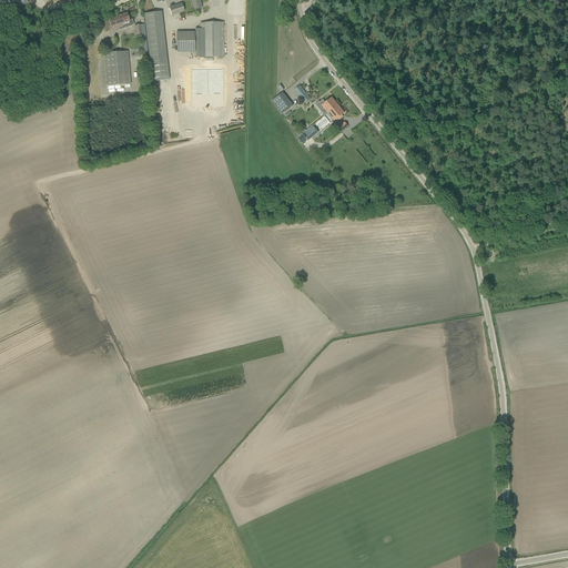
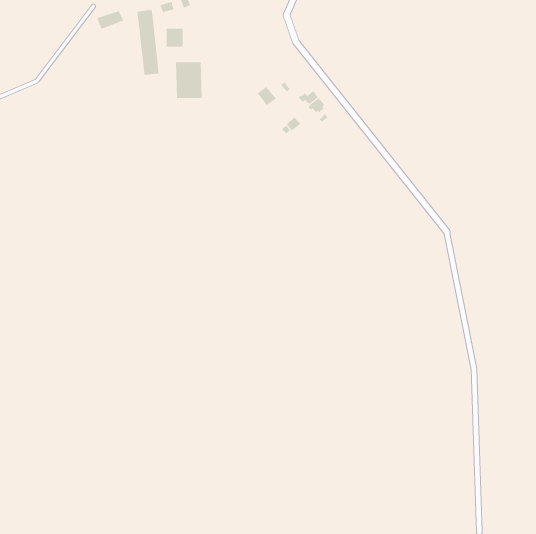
building: [200,20,226,53] -> none
building: [106,49,129,85] -> none

